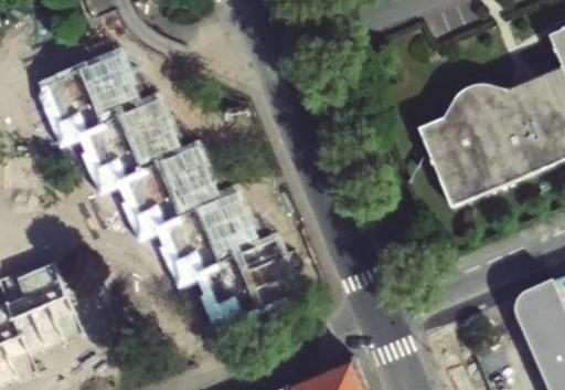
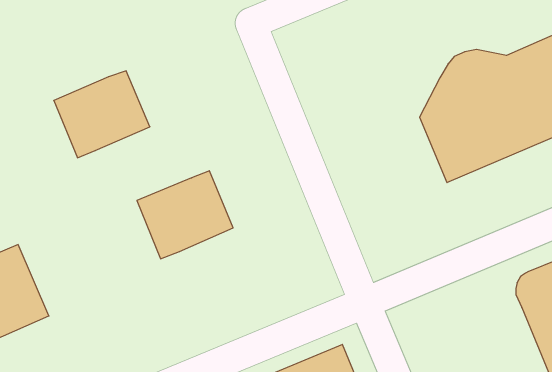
building: [49,56,138,137] -> none
building: [126,149,215,230] -> none
building: [204,242,294,324] -> none

